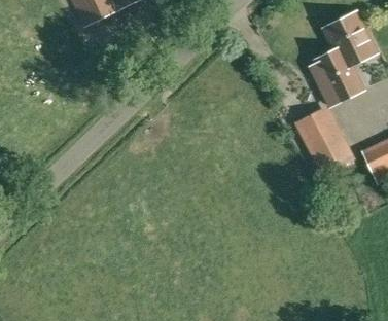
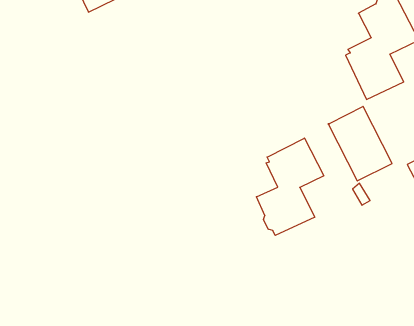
building: none -> [256,138,324,235]

